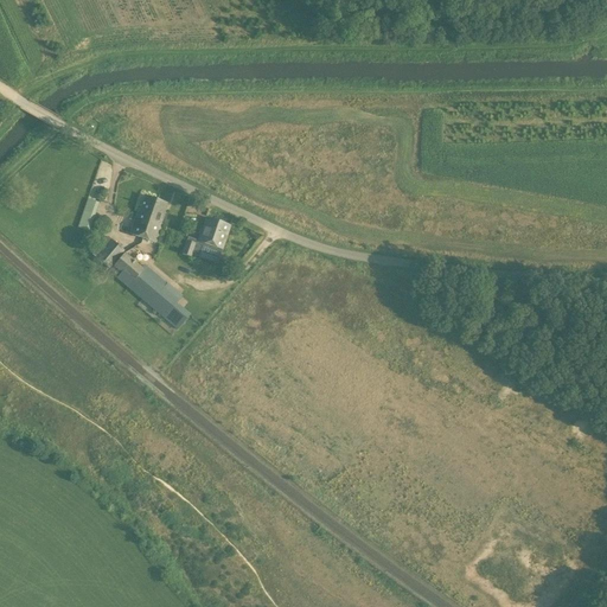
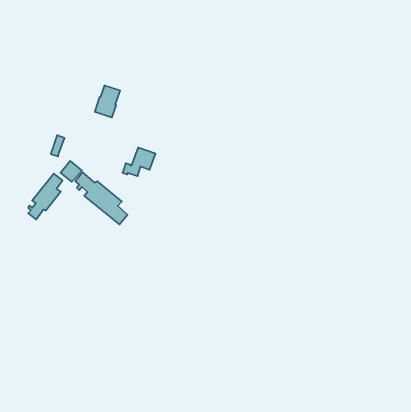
building: [129,194,166,241] -> [95,86,120,118]
building: none -> [28,174,62,219]

